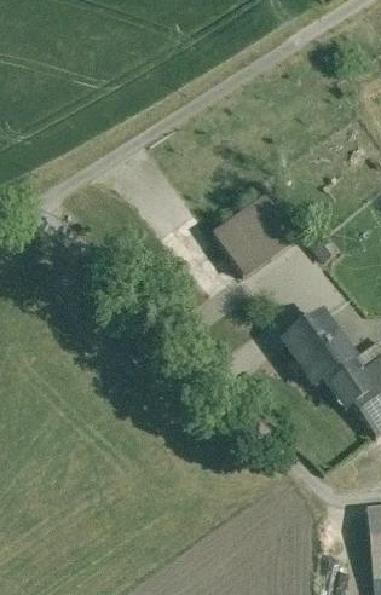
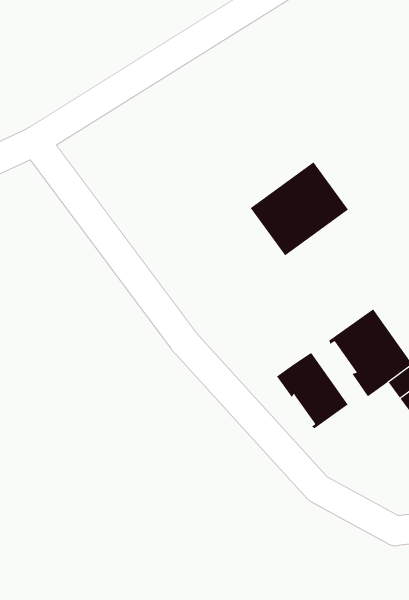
building: none -> [276,352,349,429]

